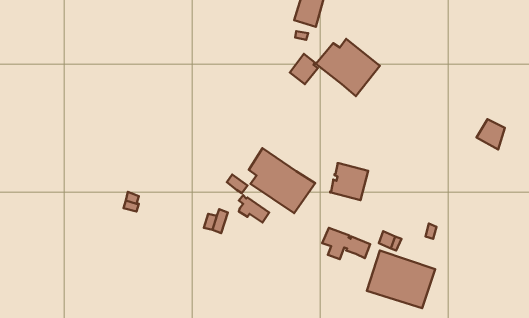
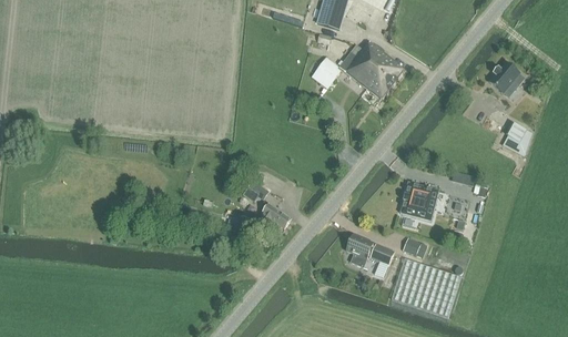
building: none -> [489,62,524,93]
building: [249,148,315,213] -> none
building: [330,163,368,200] -> [399,183,438,221]

